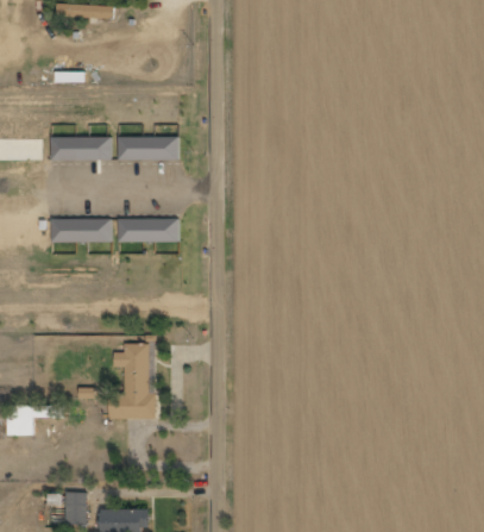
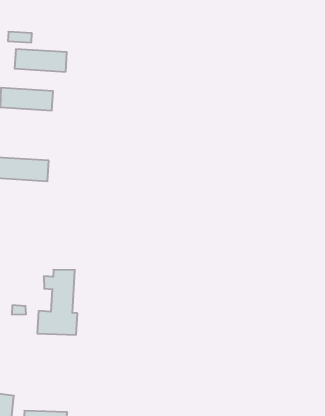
building: [118,137,177,159] -> [15,49,67,72]
building: [119,218,177,242] -> none

